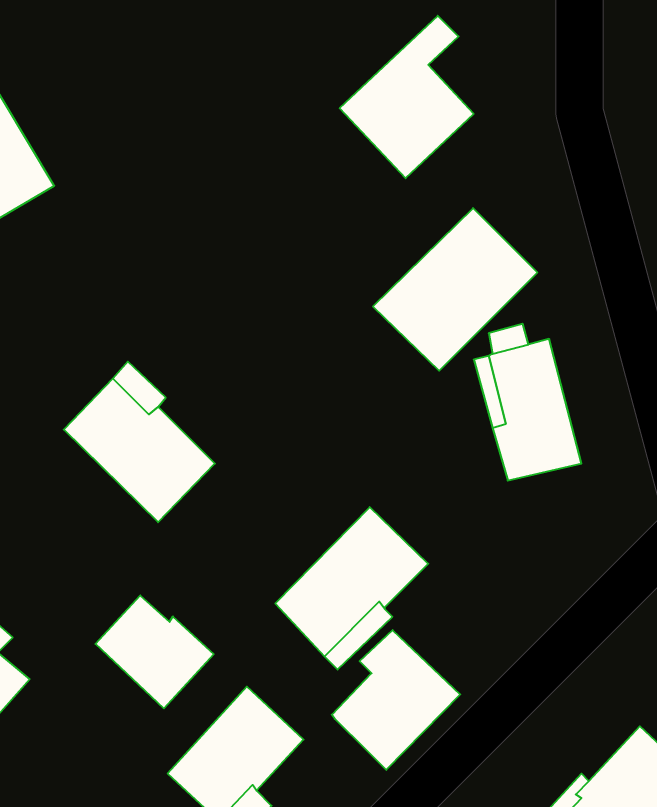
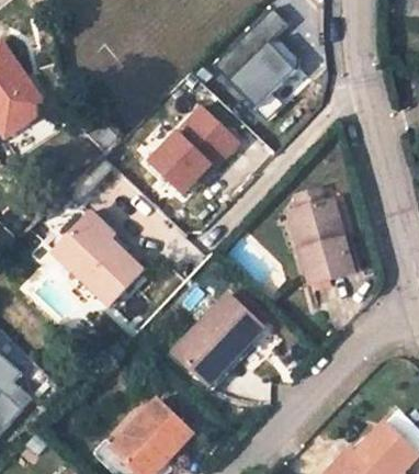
building: [373,208,537,371] -> [141,101,237,195]
building: [95,595,214,708] -> none
building: [332,630,460,770] -> none

